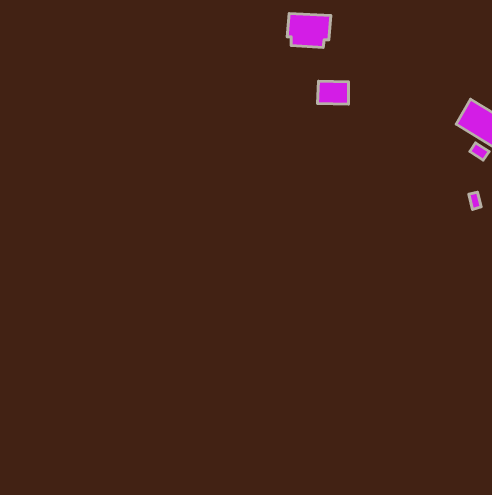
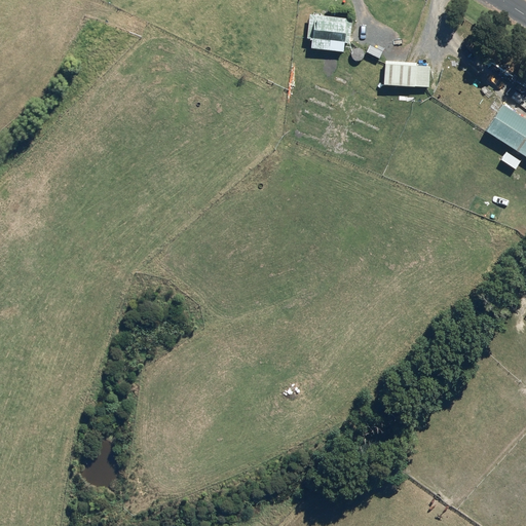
building: [318,81,349,104] -> [384,61,417,85]

